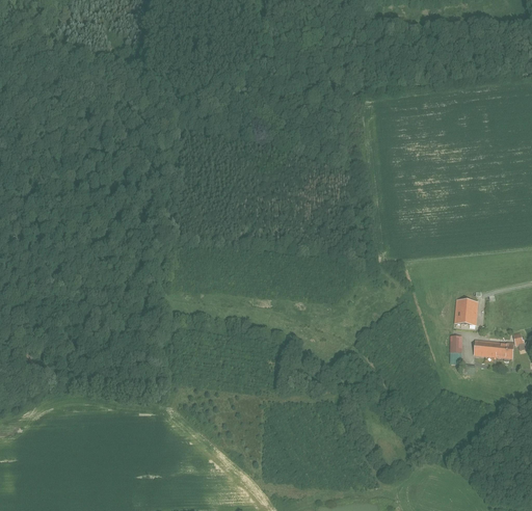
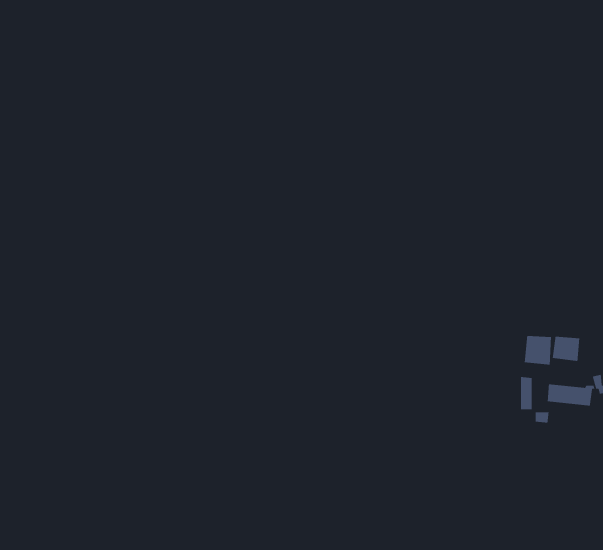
building: none -> [552,336,580,362]

